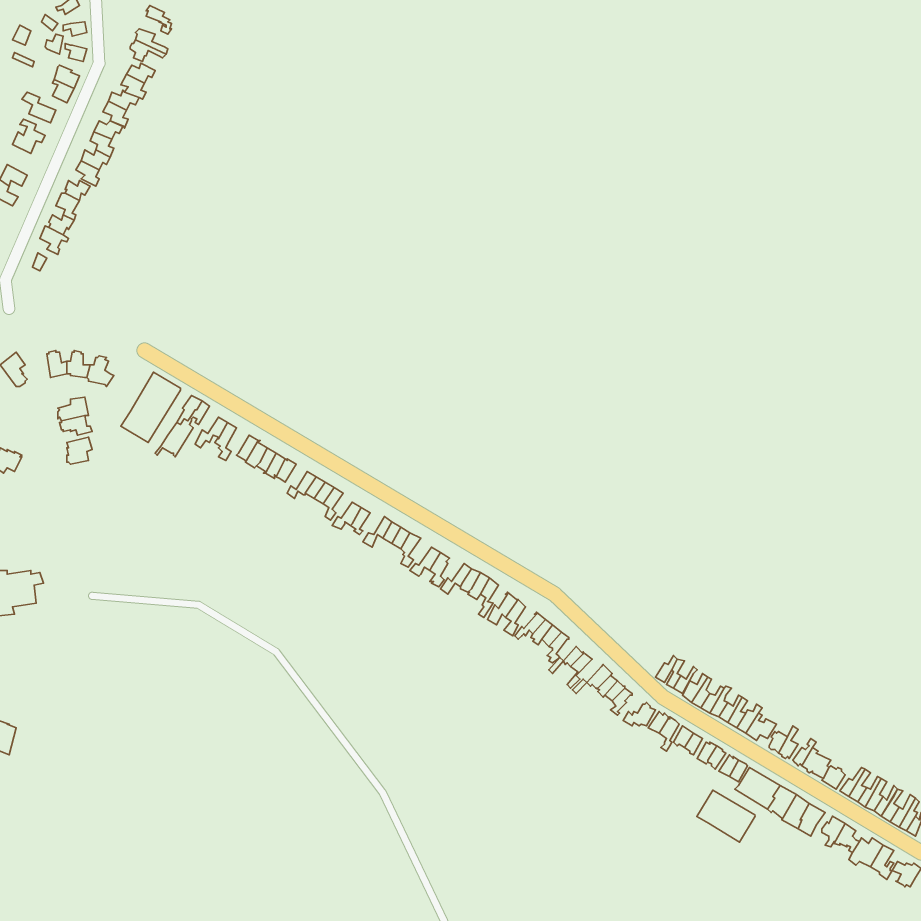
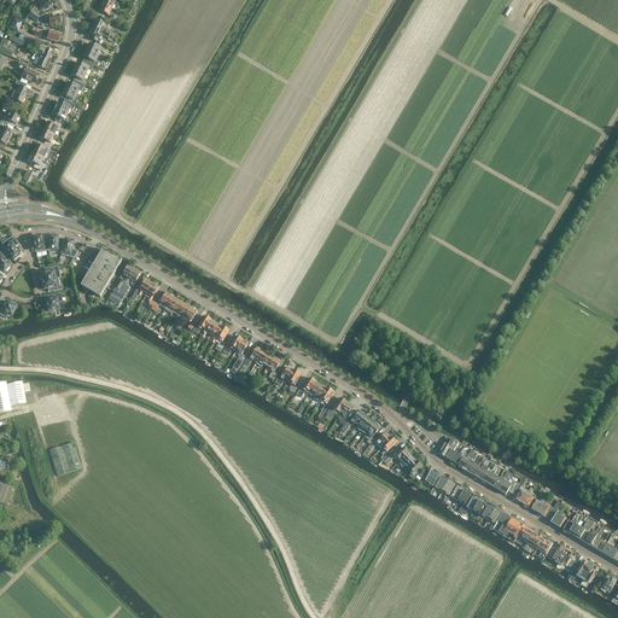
building: none -> [48,442,81,476]
building: [697,790,755,842] -> none

